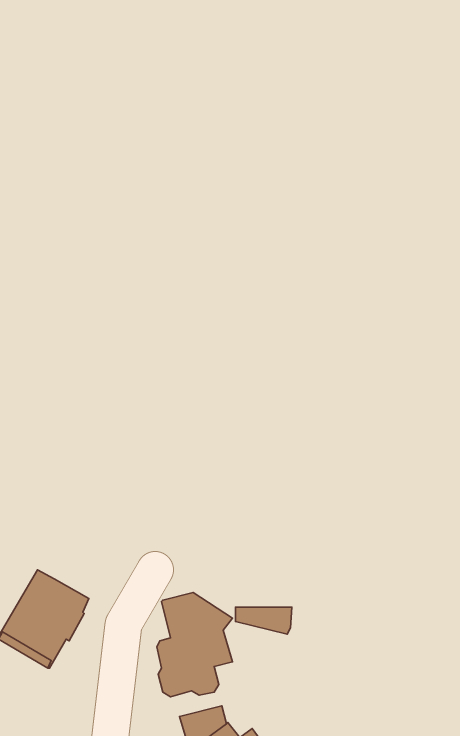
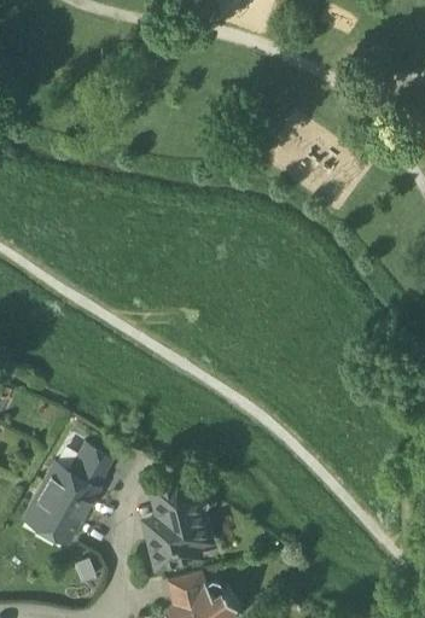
building: none -> [69,443,113,486]
building: [235,607,292,634] -> none

